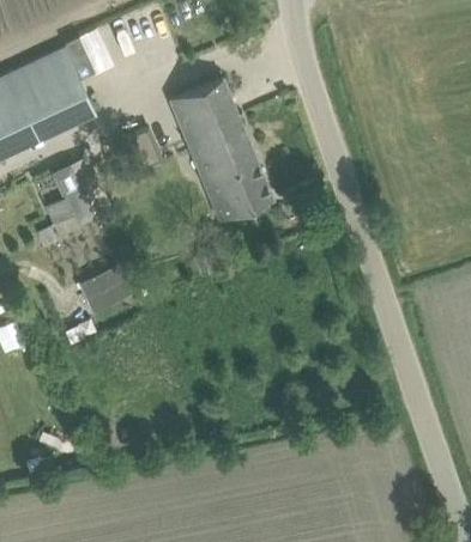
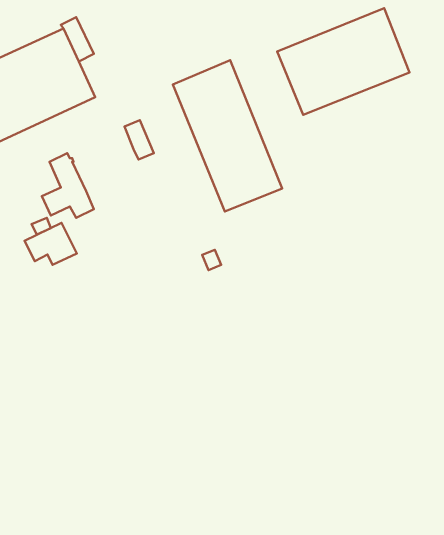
building: none -> [277,8,409,115]
building: [80,268,129,307] -> [25,223,77,265]

